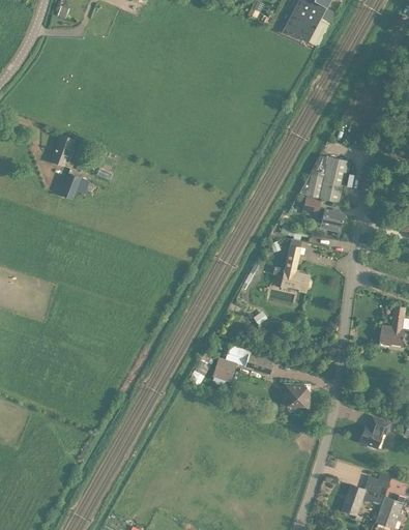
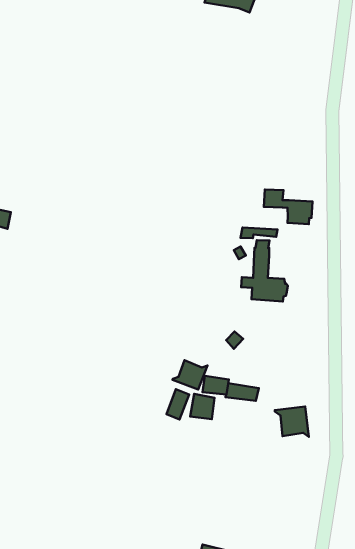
building: [299,156,348,202] -> none
building: none -> [172,360,207,390]

